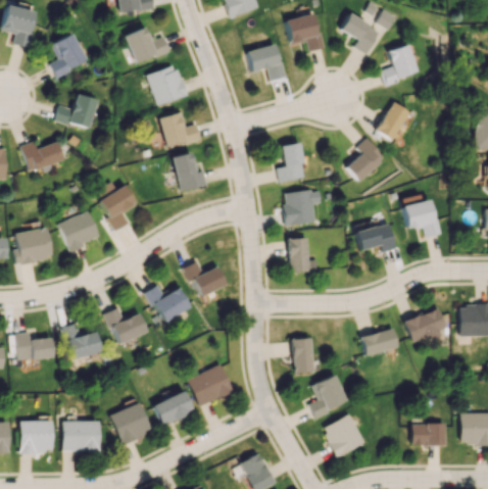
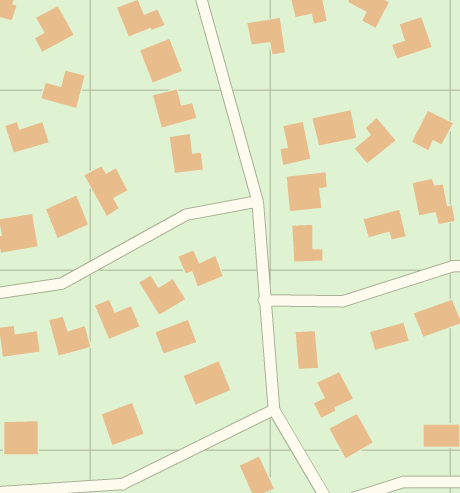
building: [378,102,418,140] -> [411,110,454,151]
building: none -> [312,109,357,146]
building: [153,392,193,425] -> [154,319,197,354]
building: [63,421,100,451] -> none

